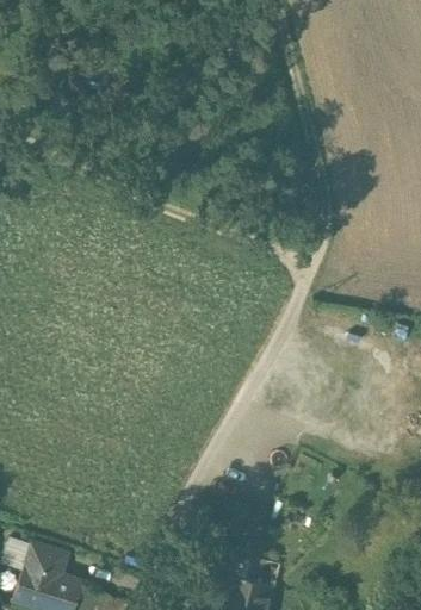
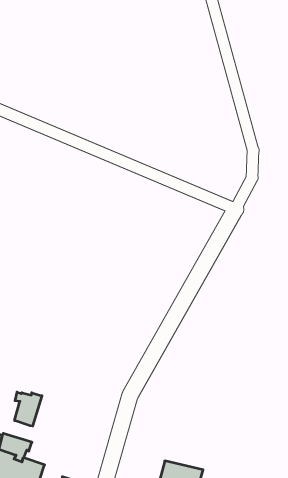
building: none -> [15,392,42,426]

